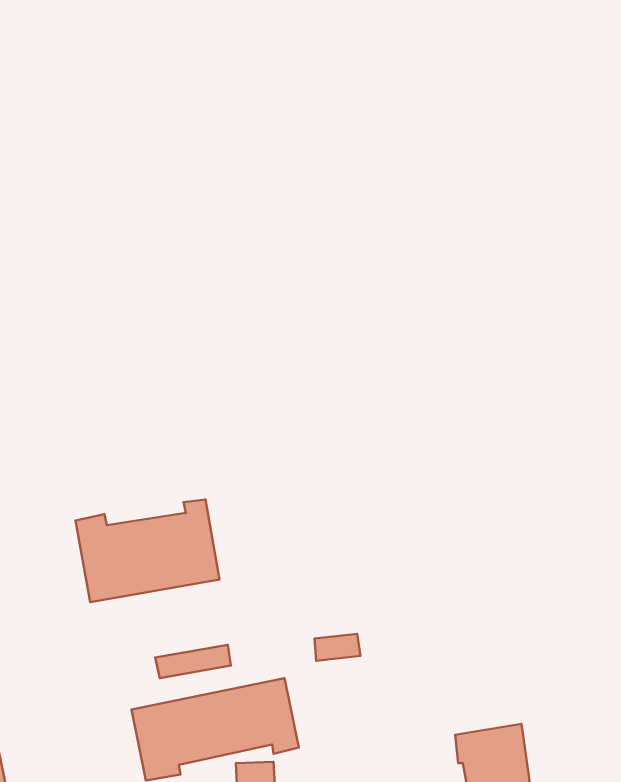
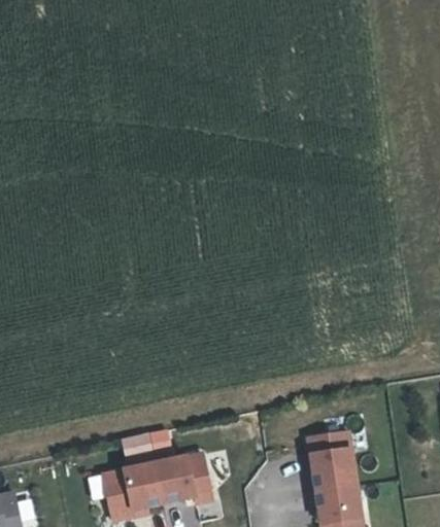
building: [76,500,219,602] -> none
building: none -> [309,430,358,490]

